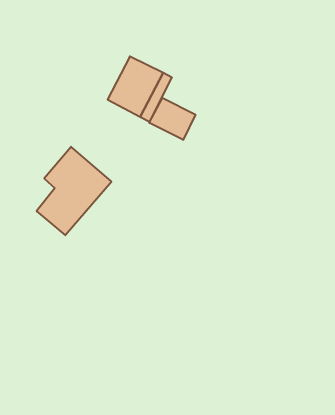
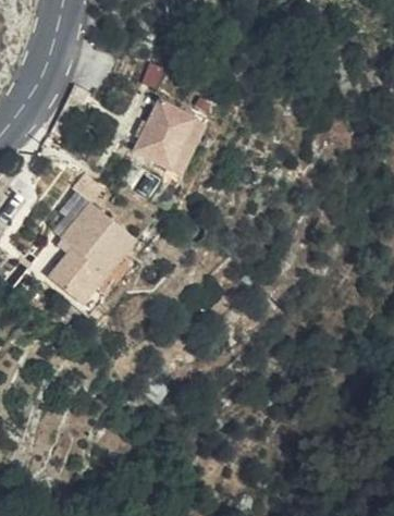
building: [149,98,195,140] -> none

